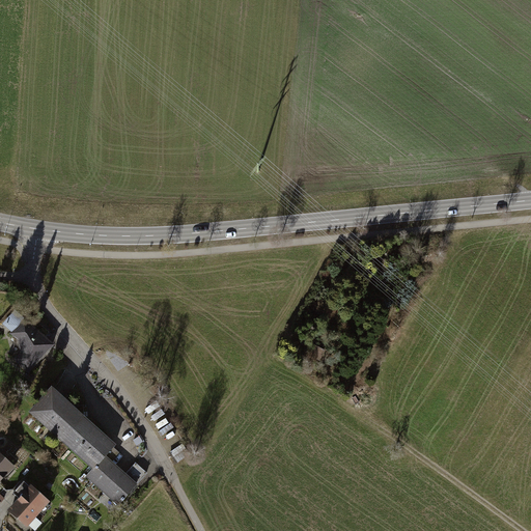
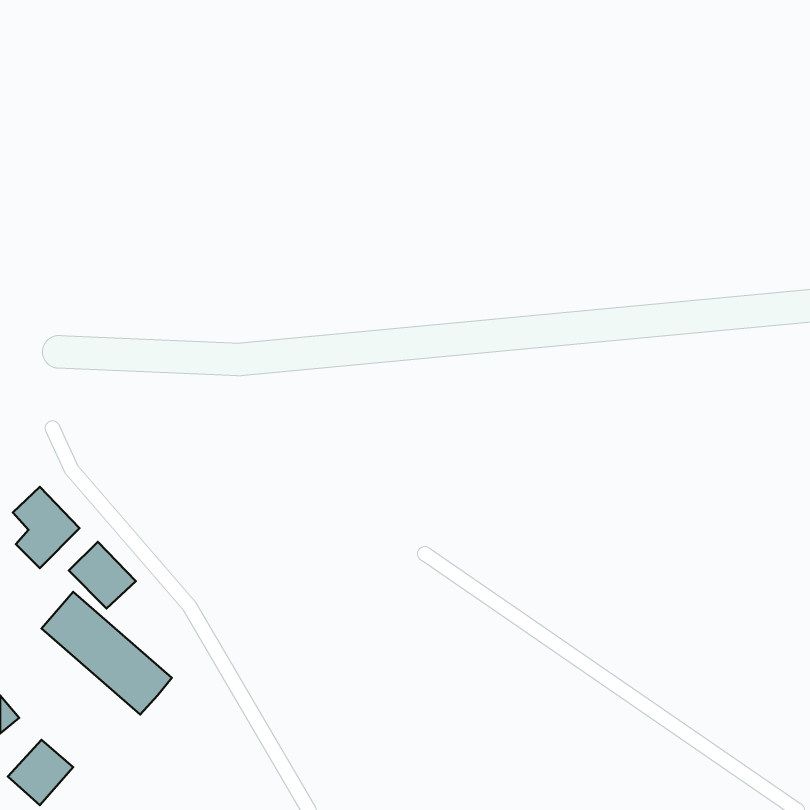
building: none -> [69,542,136,608]
building: [86,453,138,503] -> none

